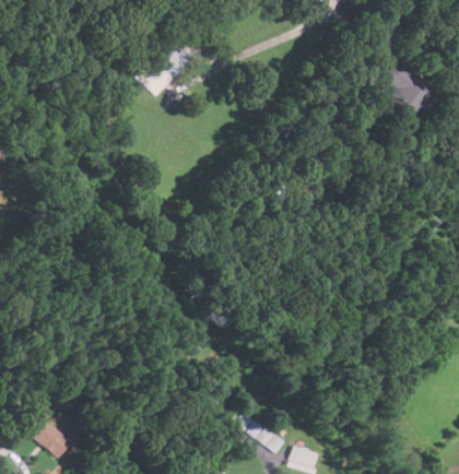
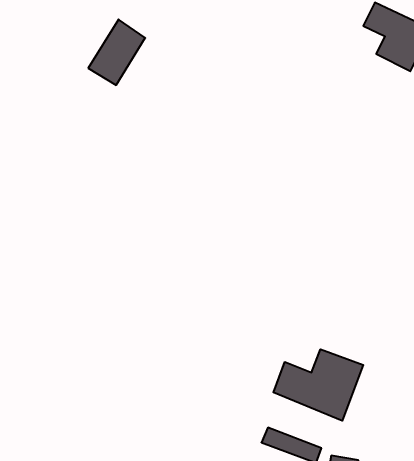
building: none -> [273,349,363,421]

